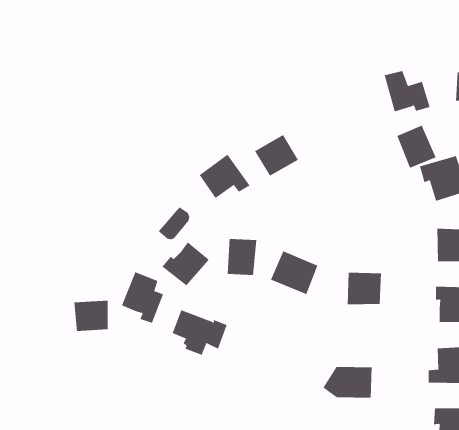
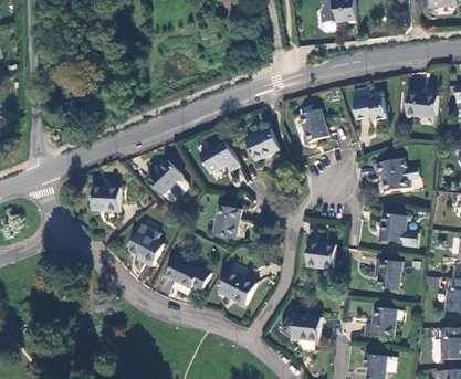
building: [396,125,437,168] -> [300,109,329,143]
building: [162,242,209,287] -> [145,160,182,196]
building: [270,250,318,295] -> [218,270,256,306]
building: [73,300,109,331] -> [93,187,121,211]

